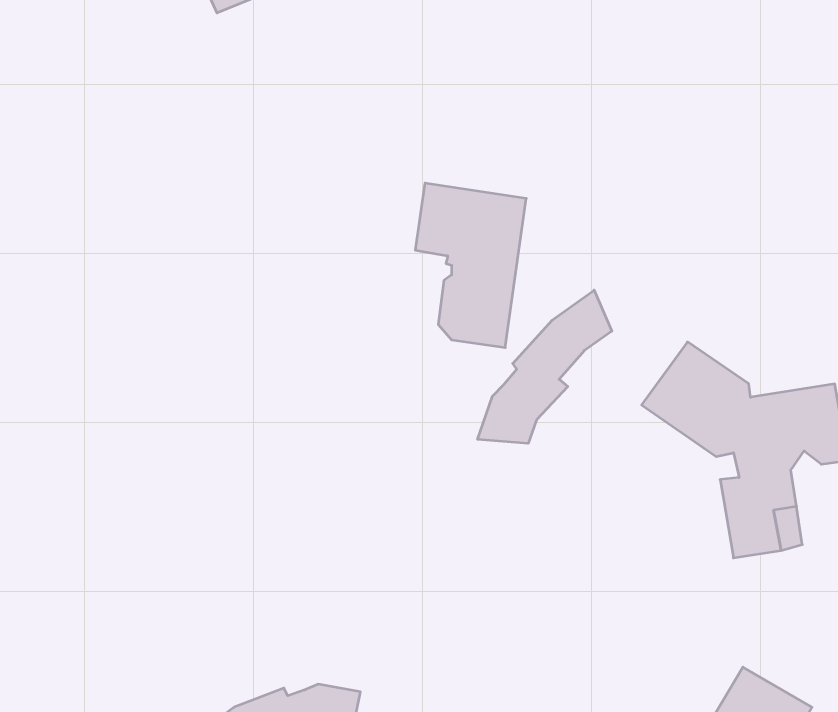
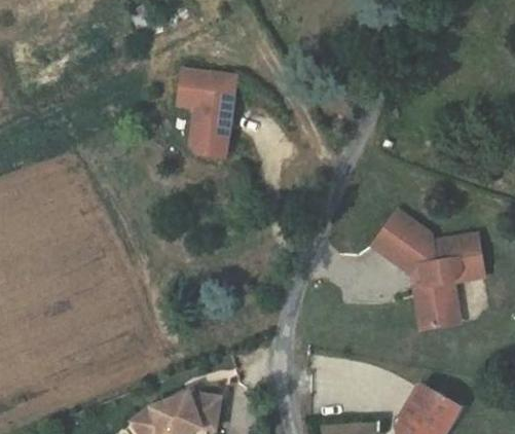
building: [415,183,526,348] -> [179,70,238,158]
building: [478,290,612,443] -> none

